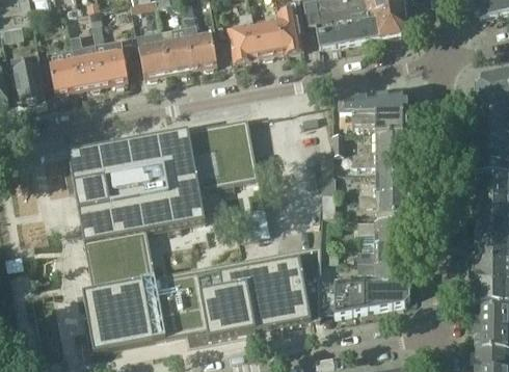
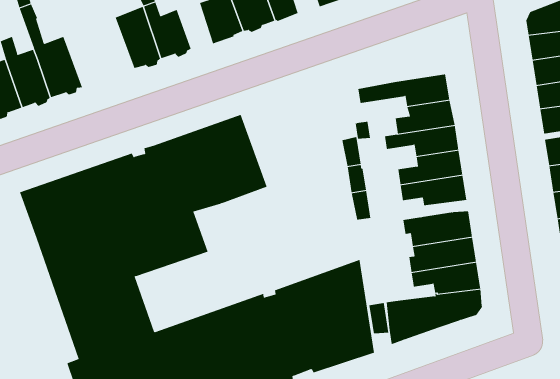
building: [137,29,169,77] -> none
building: [339,90,409,112] -> none

